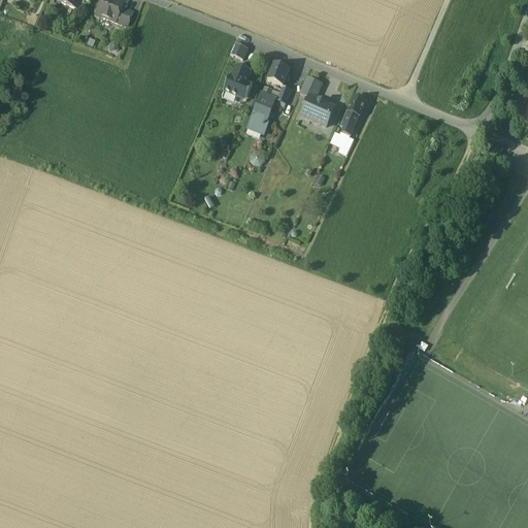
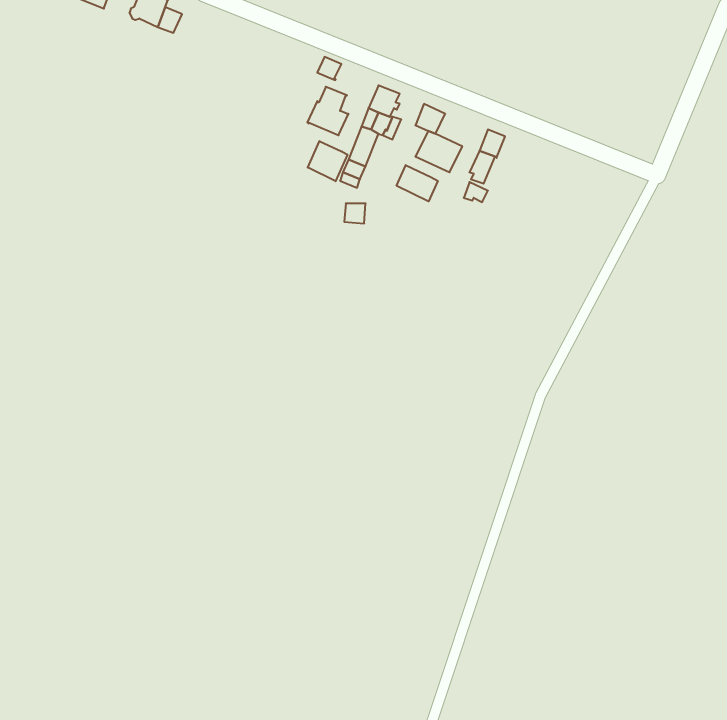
building: none -> [308,141,347,181]
building: none -> [397,165,438,201]

